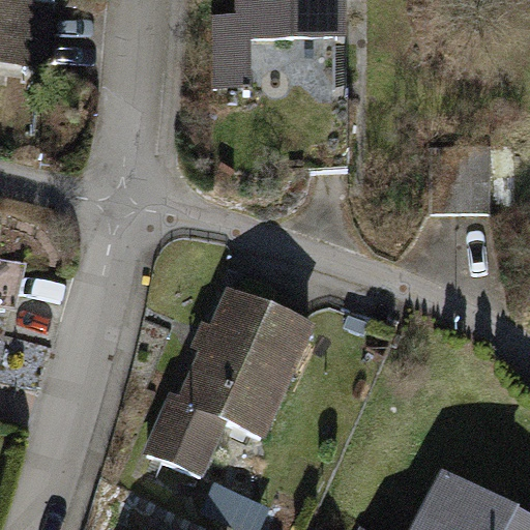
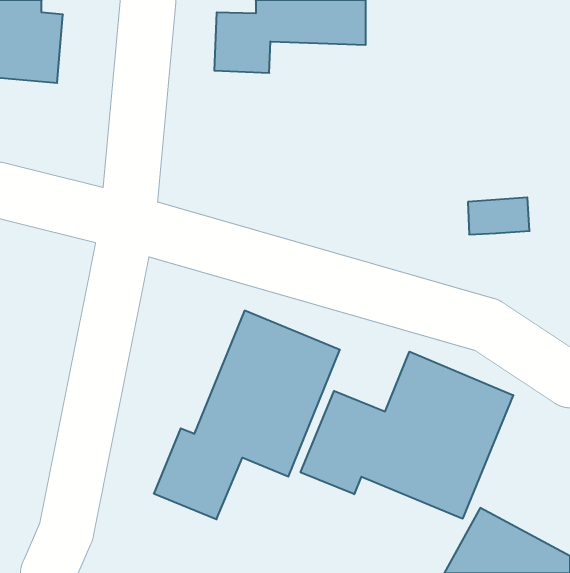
building: none -> [301,352,513,519]

